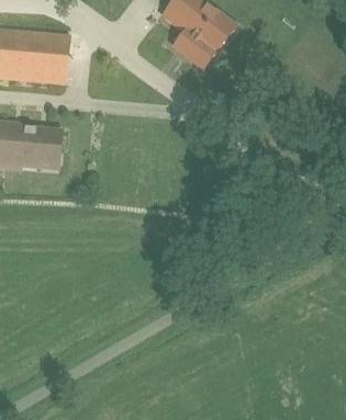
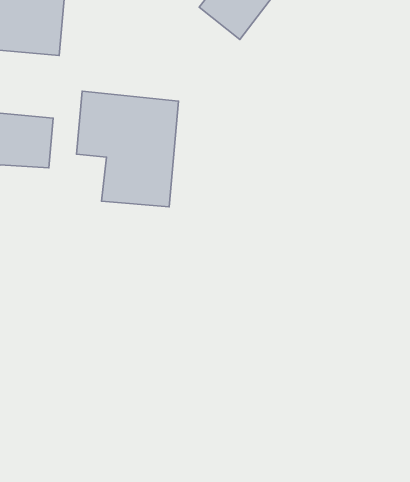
building: none -> [76,91,178,207]

